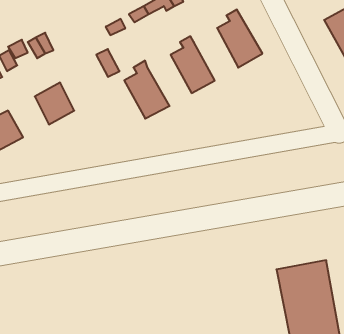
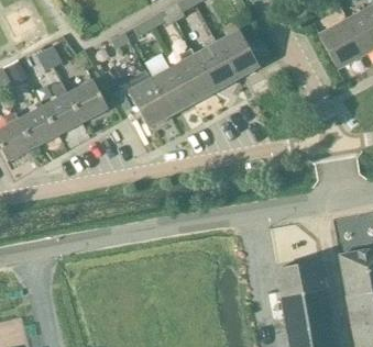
building: none -> [194,38,235,92]
building: none -> [150,68,191,116]
building: none -> [67,81,106,121]
building: none -> [18,108,56,146]

